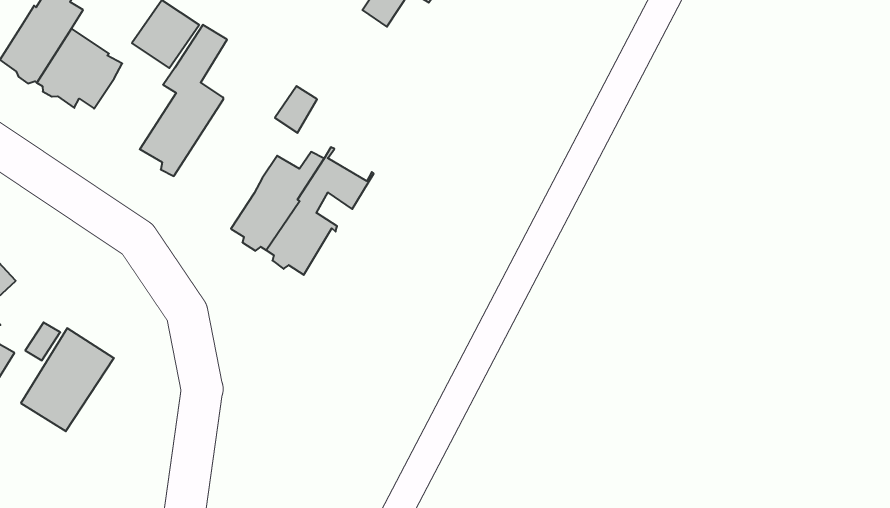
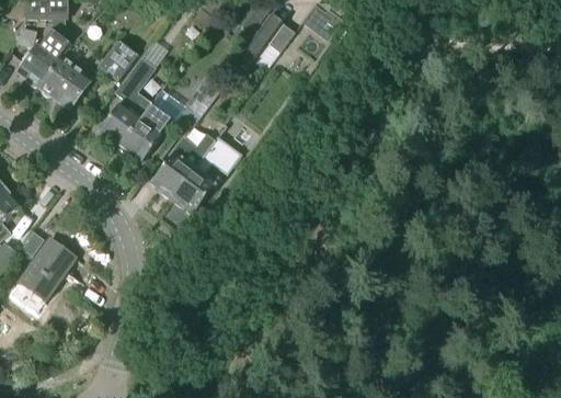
building: none -> [118,101,174,160]

